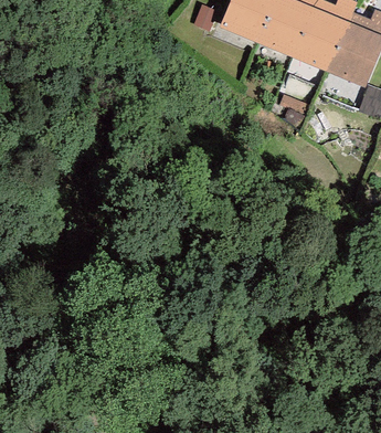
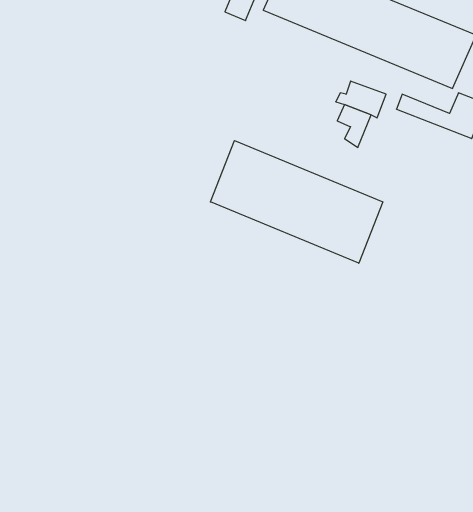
building: none -> [210,141,383,263]

